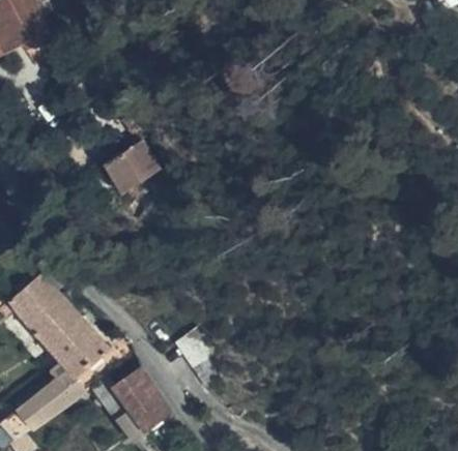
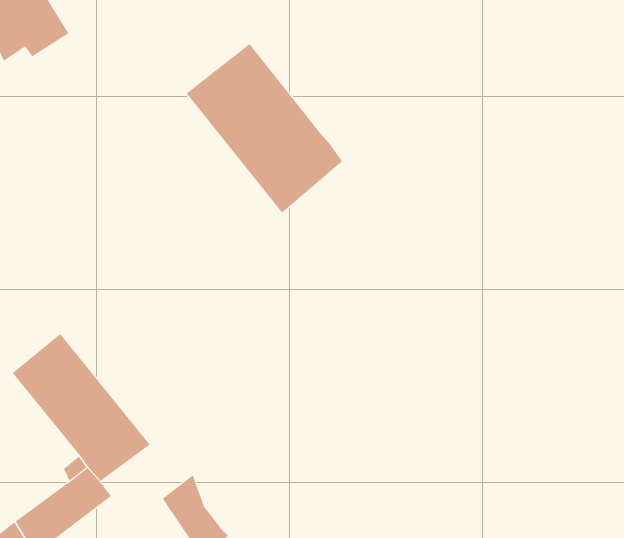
building: none -> [186,43,343,214]
building: [98,154,152,206] -> none

